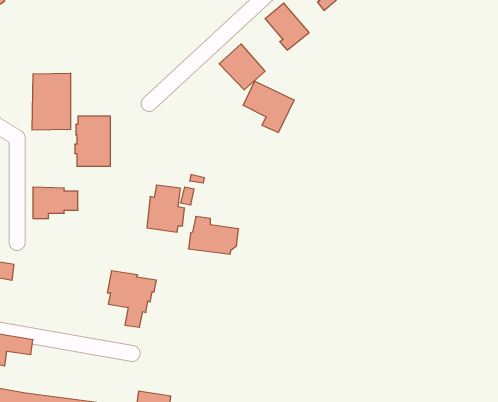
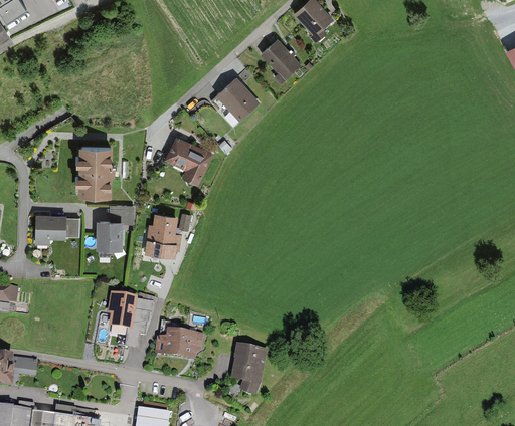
building: [32,73,70,130] -> none
building: [243,81,294,132] -> [164,136,213,185]
building: none -> [97,206,134,255]
building: [188,216,239,254] -> [156,323,204,359]
building: none -> [231,346,266,399]

